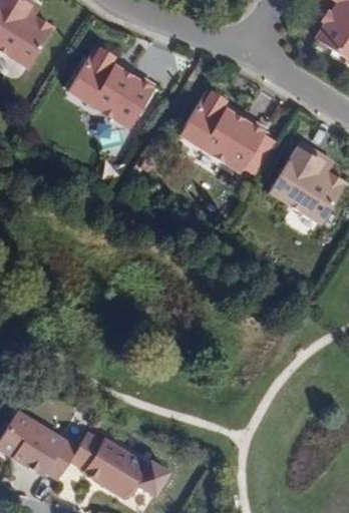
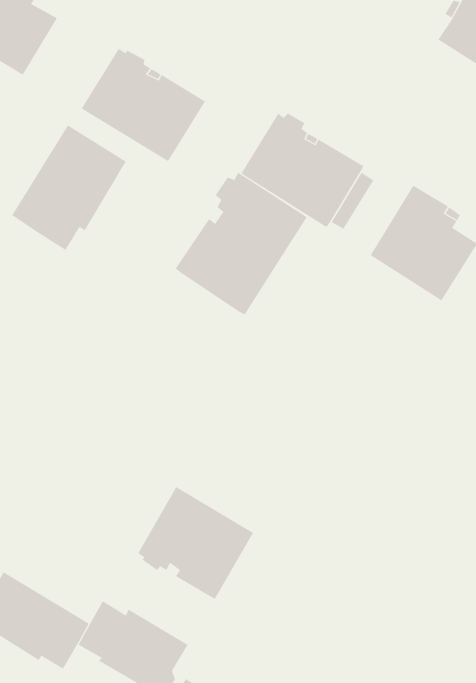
building: none -> [11,124,126,251]
building: none -> [175,172,307,315]
building: none -> [137,486,254,600]

